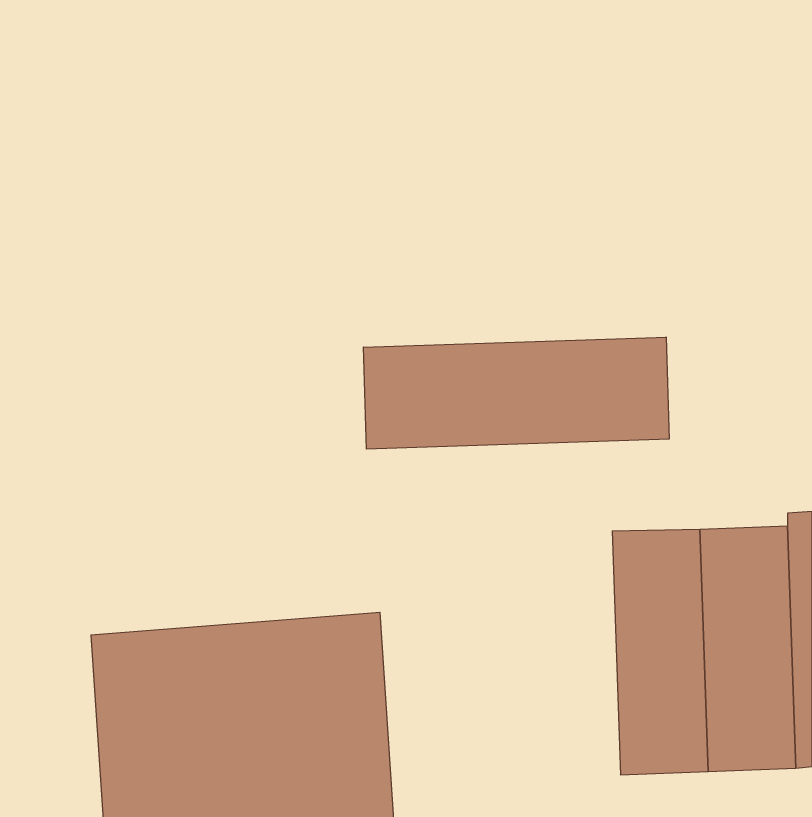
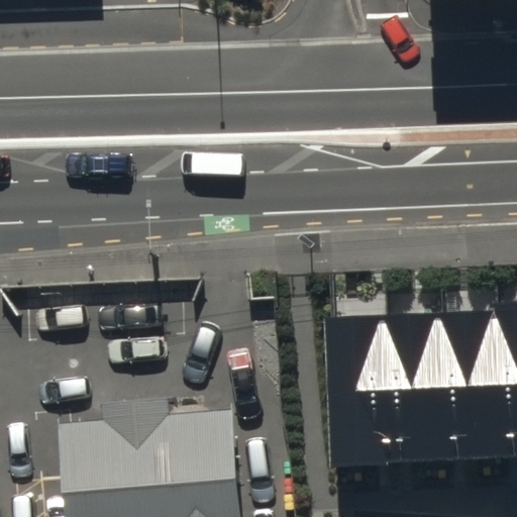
building: [364,337,669,449] -> none
building: none -> [326,338,386,491]

